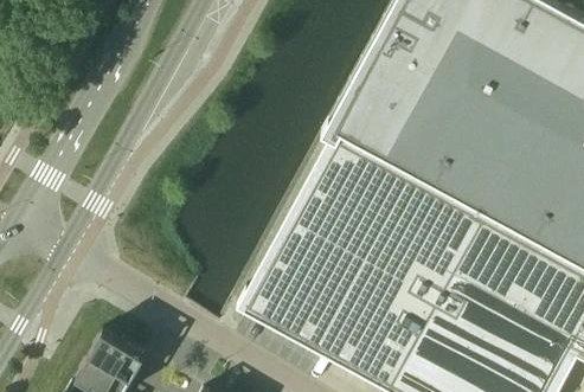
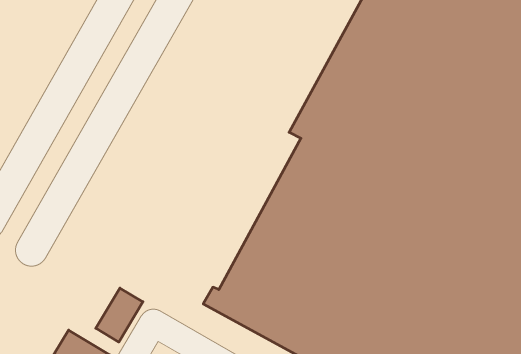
building: none -> [96,288,143,342]

